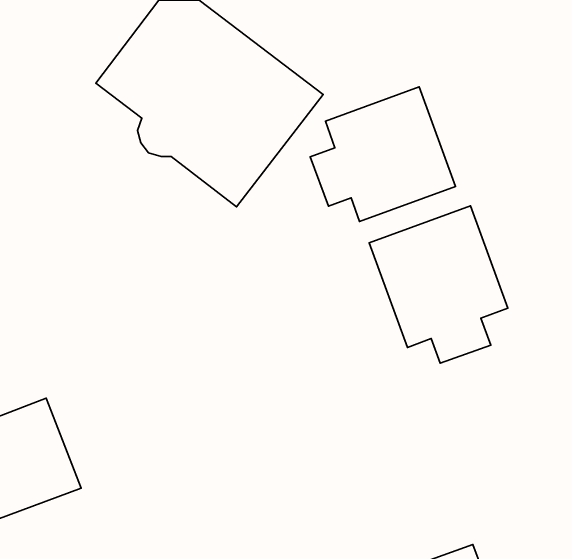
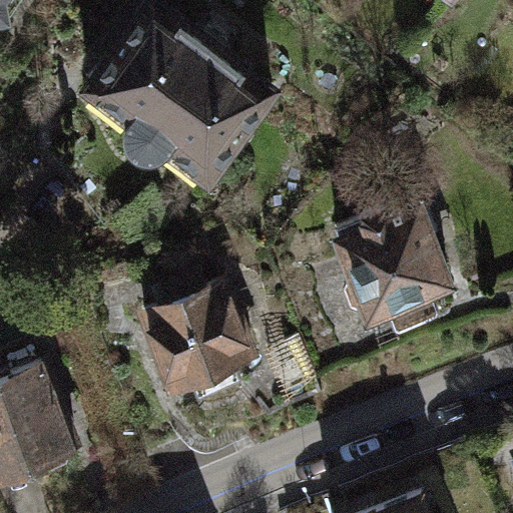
building: [310,87,455,221] -> none
building: none -> [140,281,249,404]

